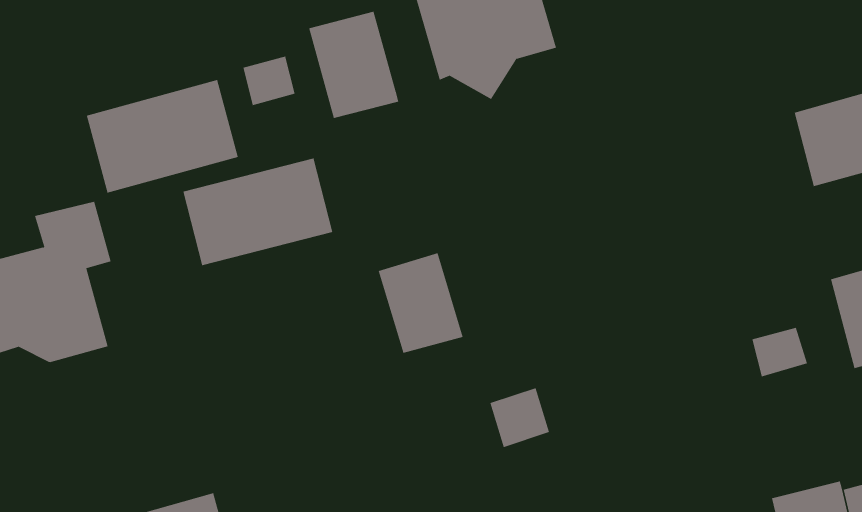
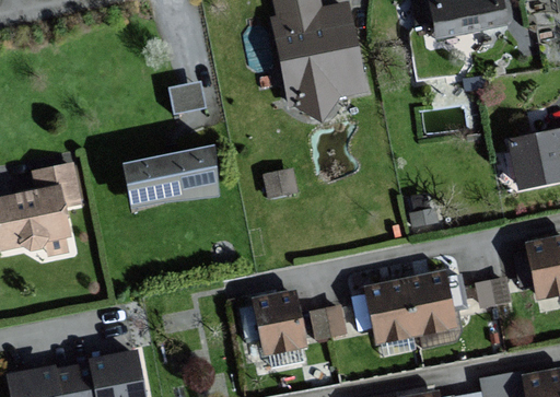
building: [309,11,399,119] -> none
building: [86,79,239,193] -> none
building: [378,252,463,354] -> [255,291,305,352]
building: none -> [366,272,455,339]

